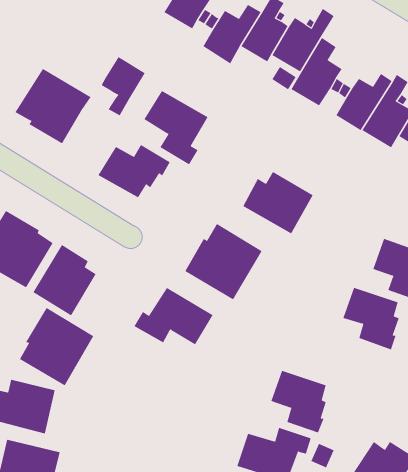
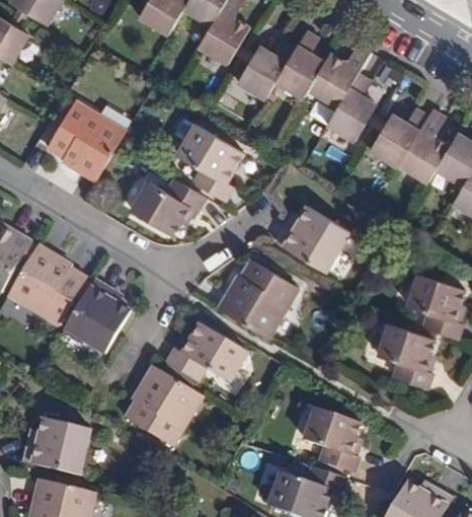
building: [101,56,146,116] -> none
building: [19,307,94,386] -> [126,366,202,446]

